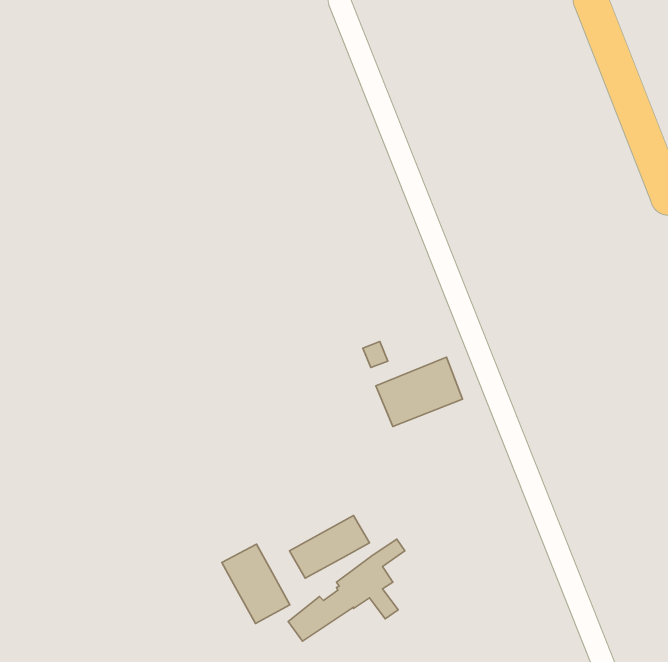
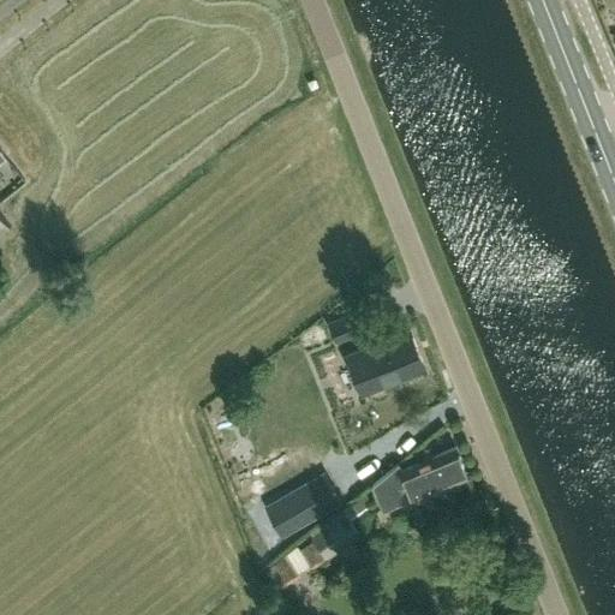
building: none -> [370,453,466,515]
building: [222,544,290,623] -> none

